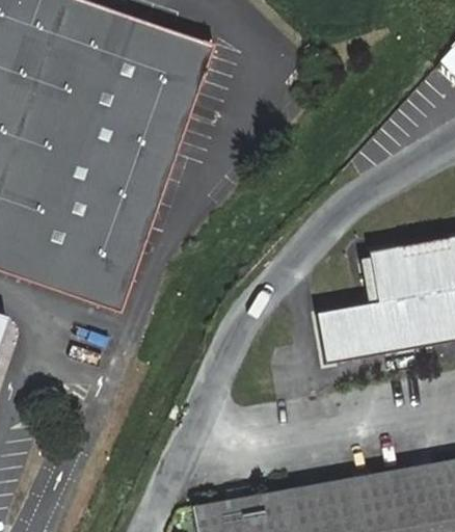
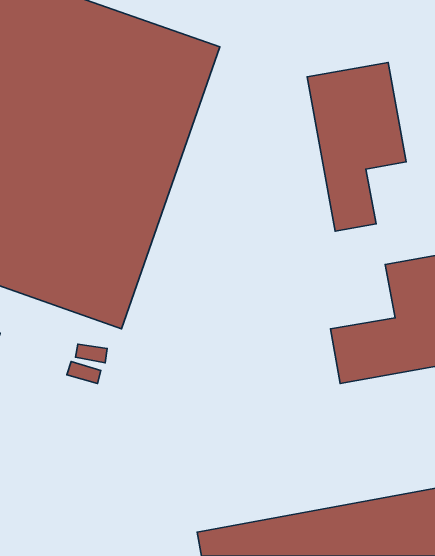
building: none -> [307,62,406,231]

